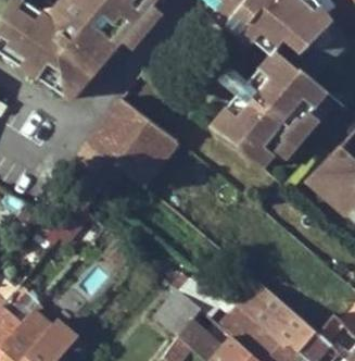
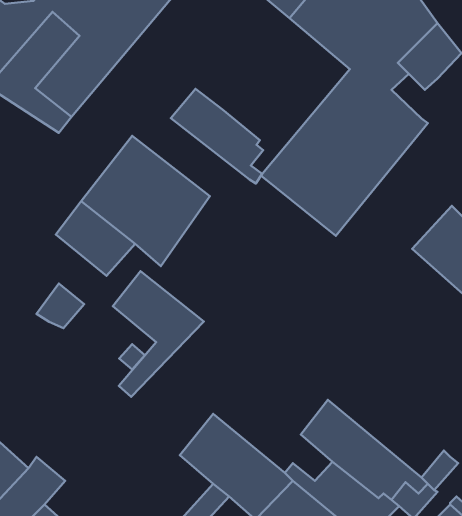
building: none -> [171,89,263,183]
building: none -> [113,271,204,397]

